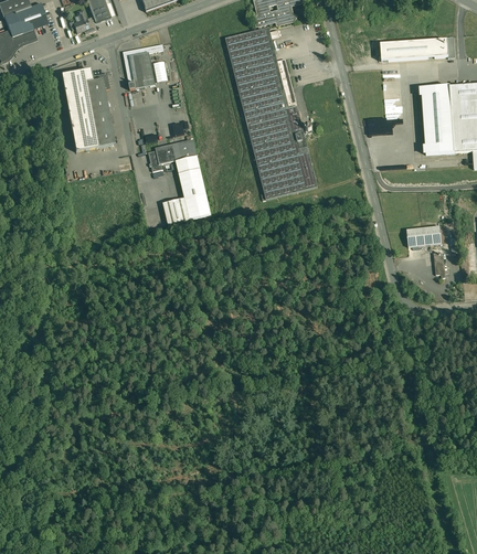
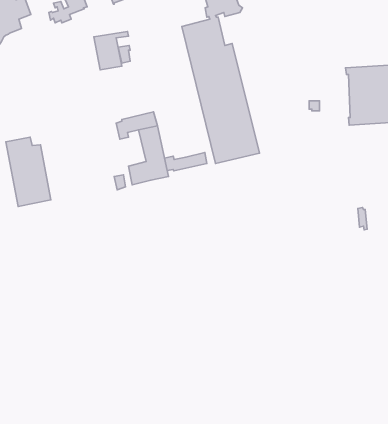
building: [380,36,454,58] -> none
building: [61,68,114,150] -> [6,137,51,207]
building: none -> [164,152,207,171]
building: [406,225,441,246] -> none

